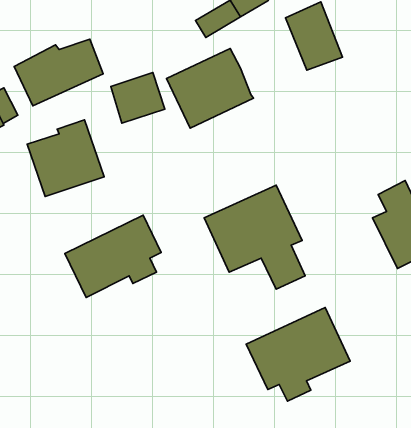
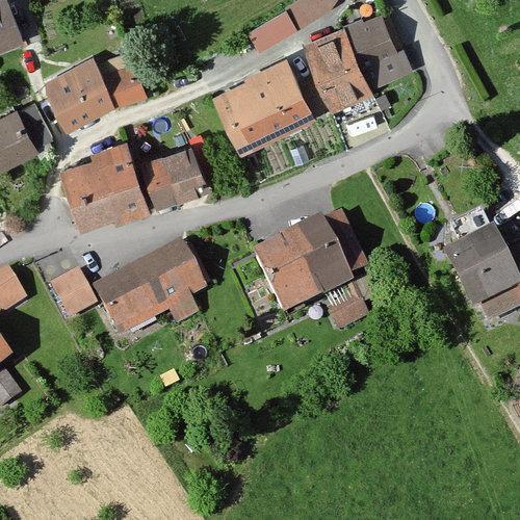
building: none -> [297,28,374,113]
building: [111,73,165,123] -> [142,147,203,203]
building: none -> [51,270,95,317]
building: [246,307,350,401] -> none

